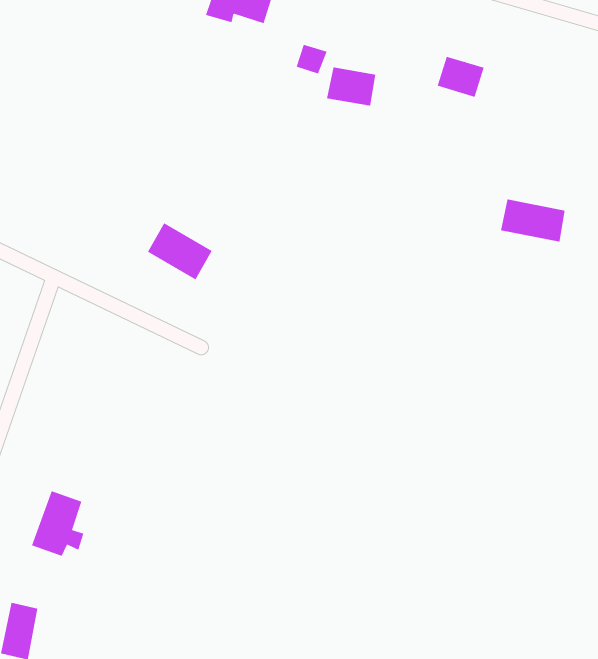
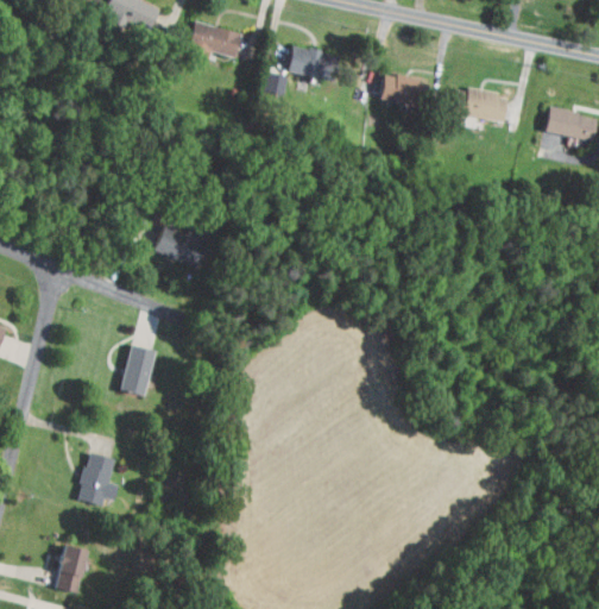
building: [326,67,376,106] -> [289,46,328,76]
building: [500,199,565,242] -> [455,88,507,120]
building: none -> [121,344,156,396]

